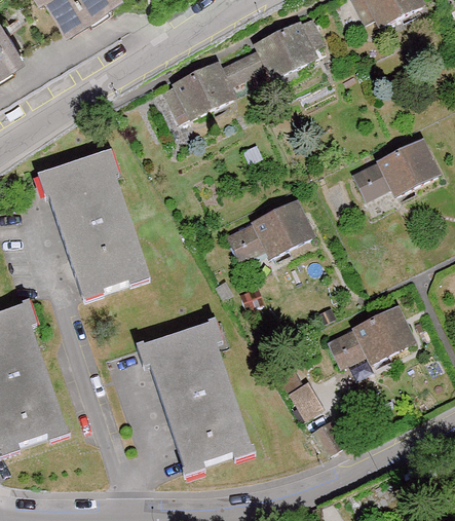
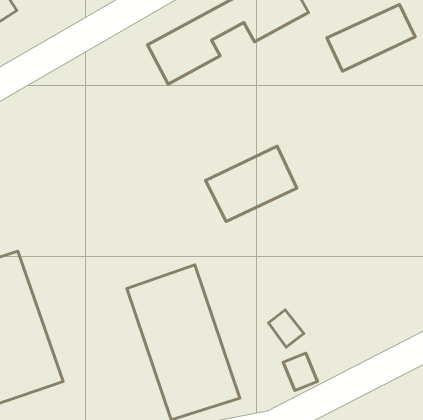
building: [348,136,441,206] -> [327,4,415,71]
building: [41,150,154,317] -> none
building: [325,302,417,379] -> none

